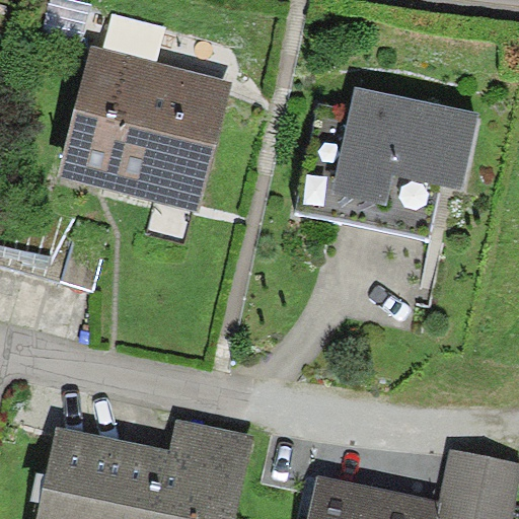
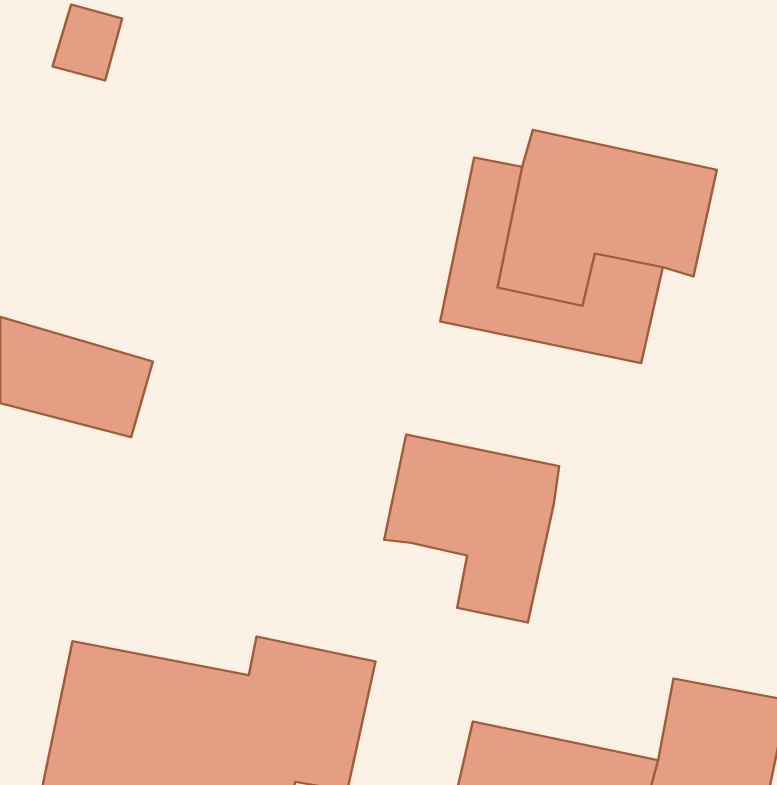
building: [61,49,229,203] -> none
building: none -> [384,434,559,623]

